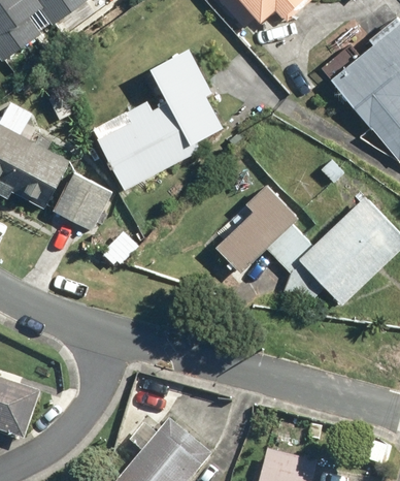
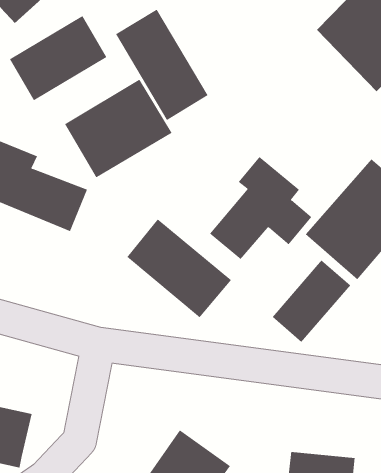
building: none -> [9,15,107,101]
building: none -> [127,219,232,318]
building: none -> [272,259,351,343]

